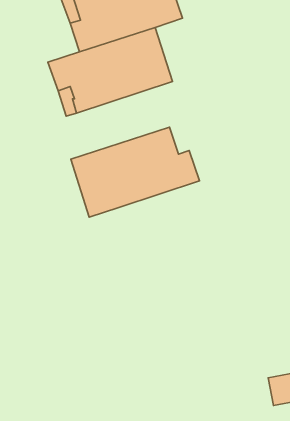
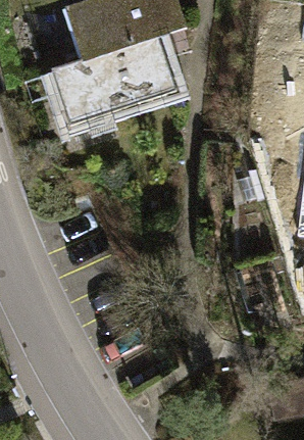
building: [71,127,199,217] -> none

